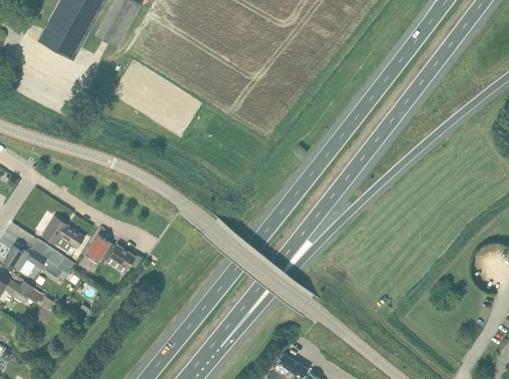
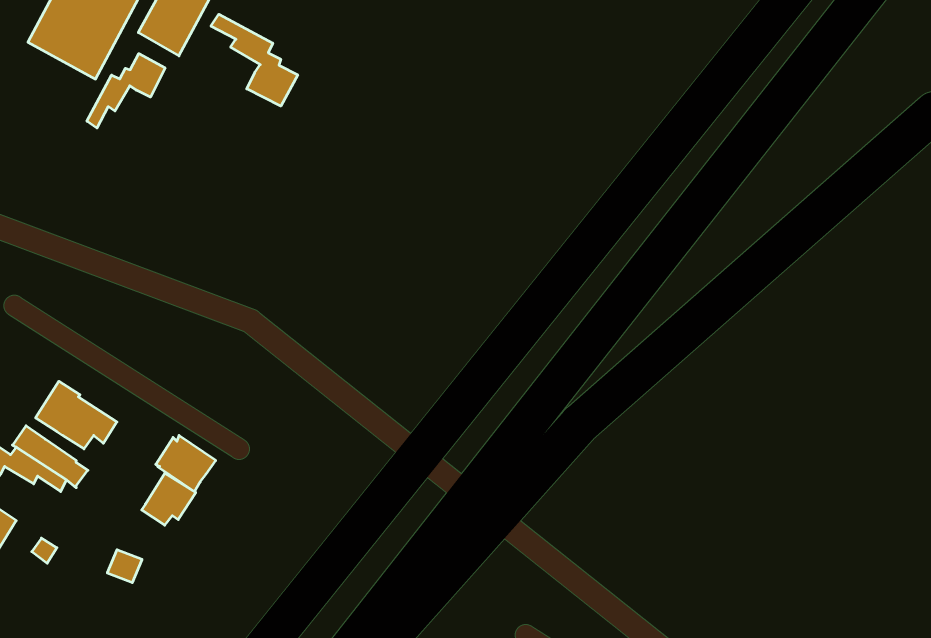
building: none -> [211,14,298,106]
building: none -> [87,54,165,128]
building: [85,235,113,262] -> [142,473,196,525]

